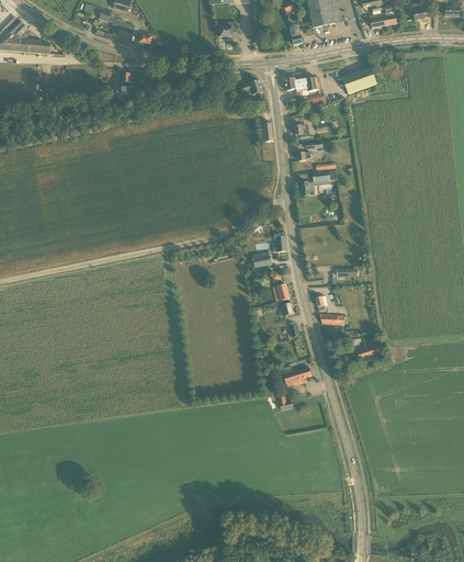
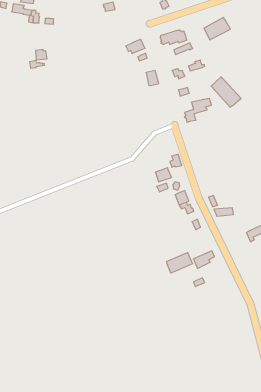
building: none -> [211,77,241,107]
building: none -> [167,253,193,273]

